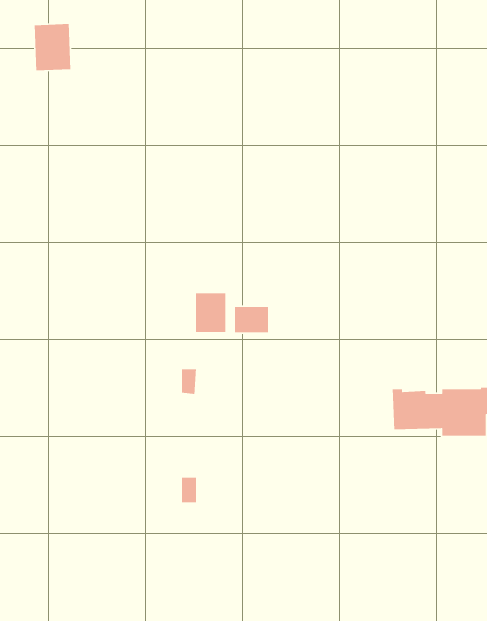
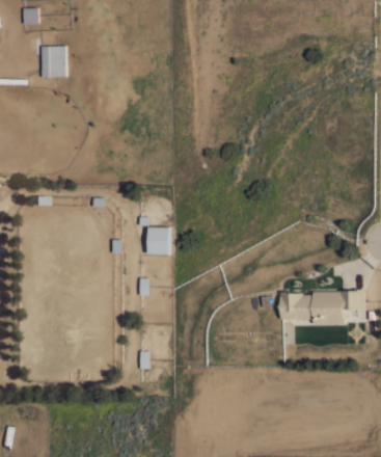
building: [234,306,269,333] -> none

